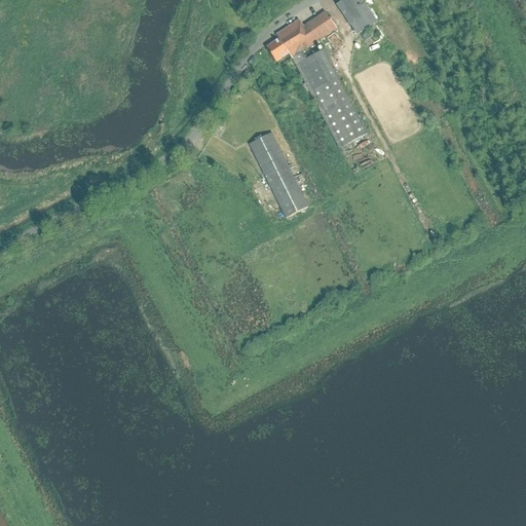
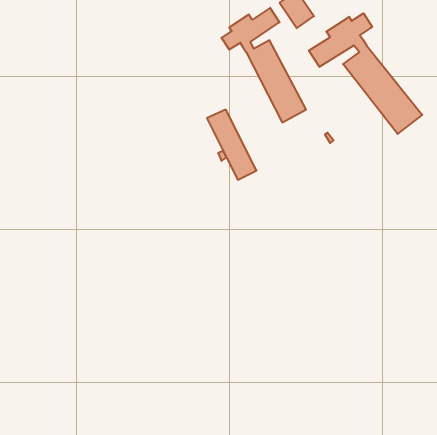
building: none -> [309,13,422,134]

